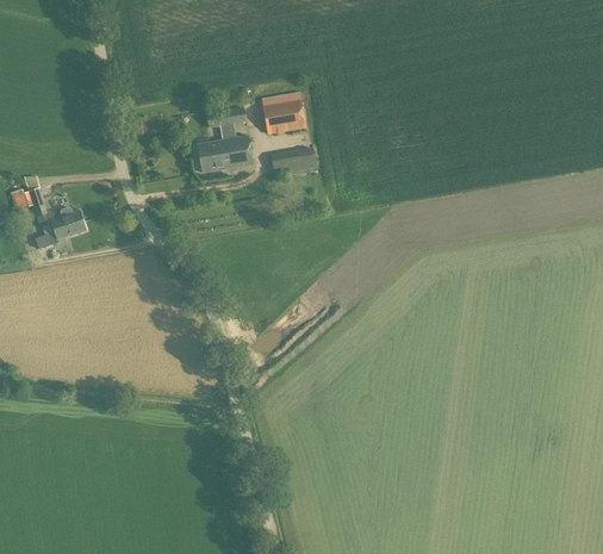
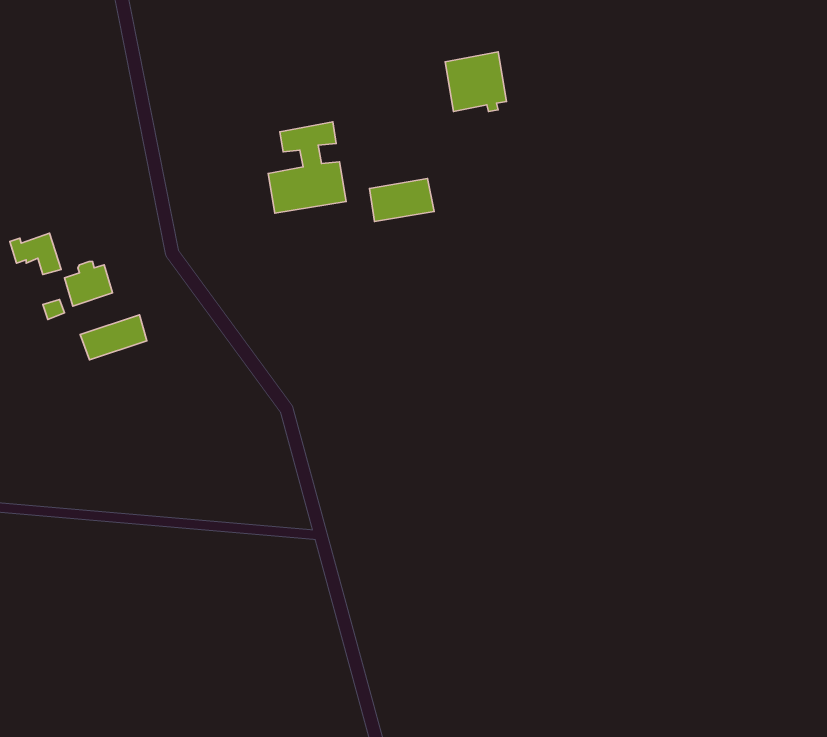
building: [261,91,305,133] -> [445,52,507,111]
building: none -> [80,315,147,360]

